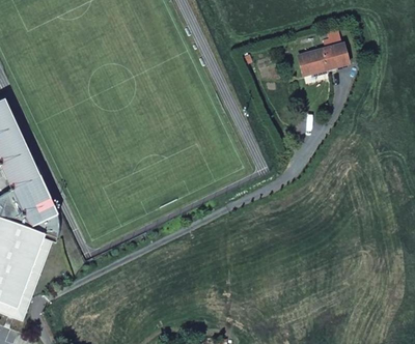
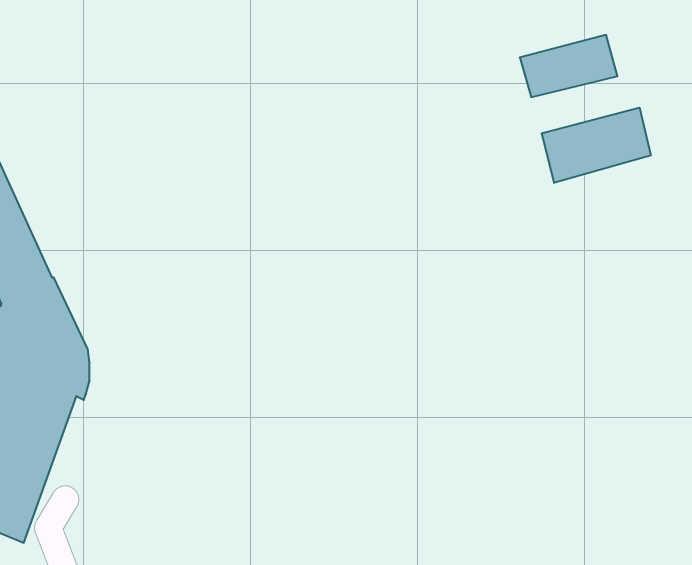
building: none -> [542,108,651,183]

